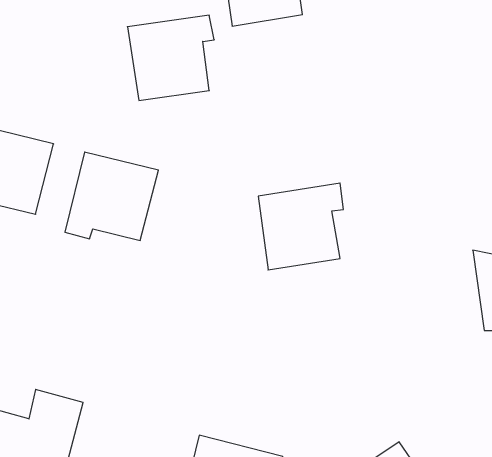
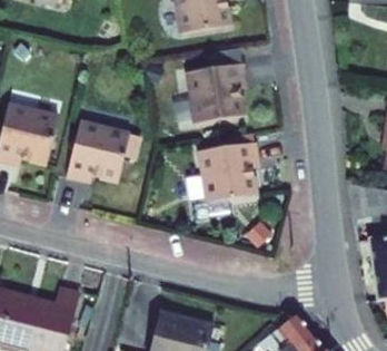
building: [127,15,214,100] -> [188,61,247,119]

